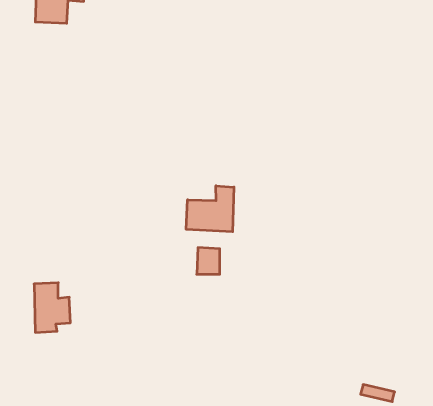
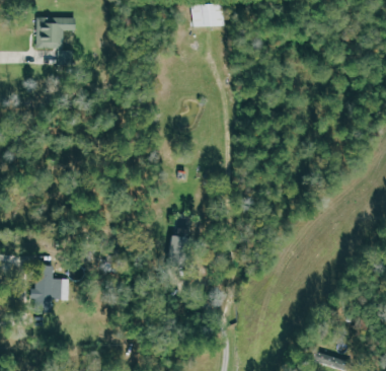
building: [186,186,234,232] -> none

